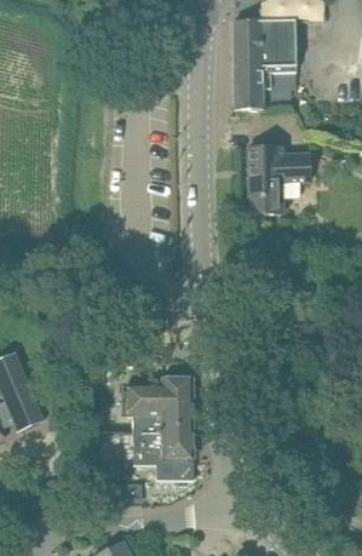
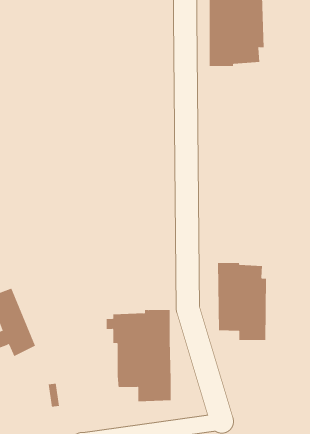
building: [247,147,309,213] -> none
building: none -> [217,262,267,341]

